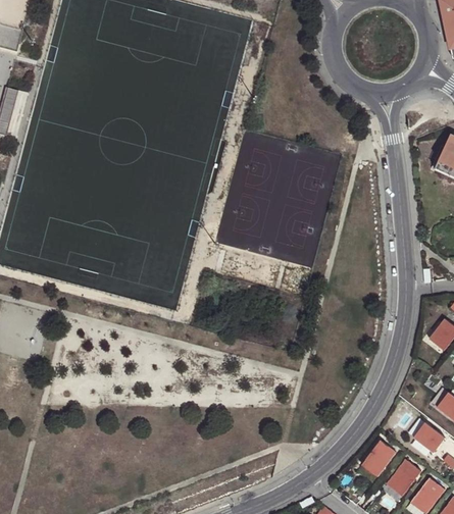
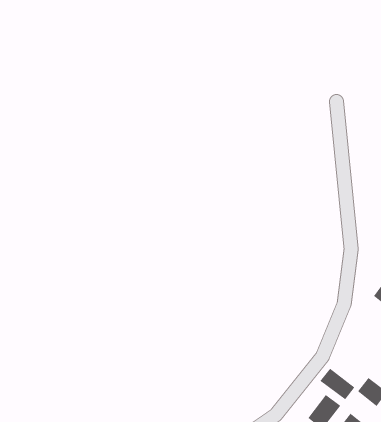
building: none -> [319,368,355,400]

